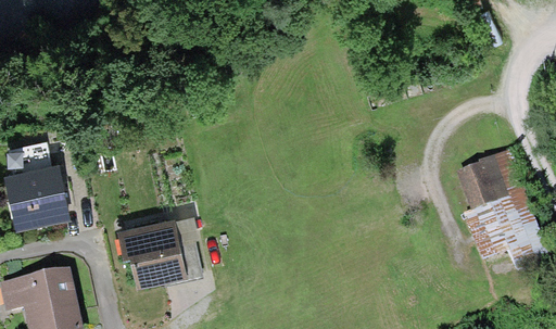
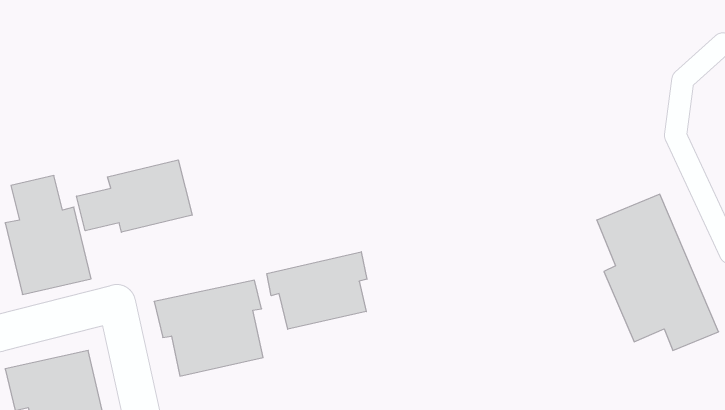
building: none -> [77,160,192,232]
building: none -> [267,252,367,329]

